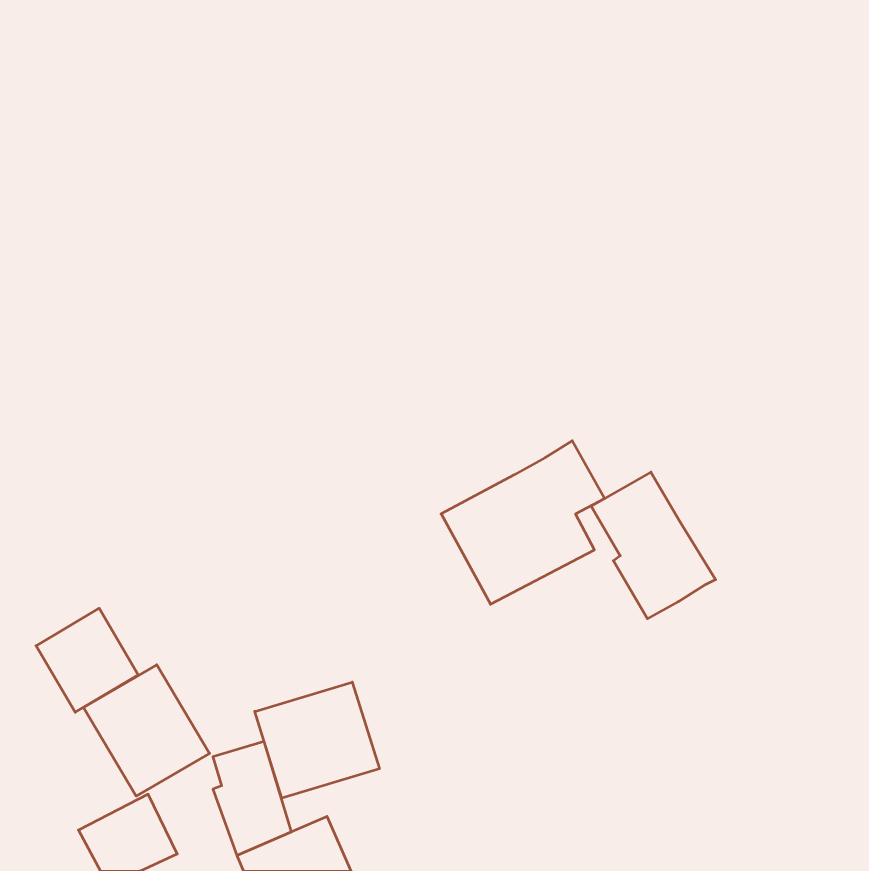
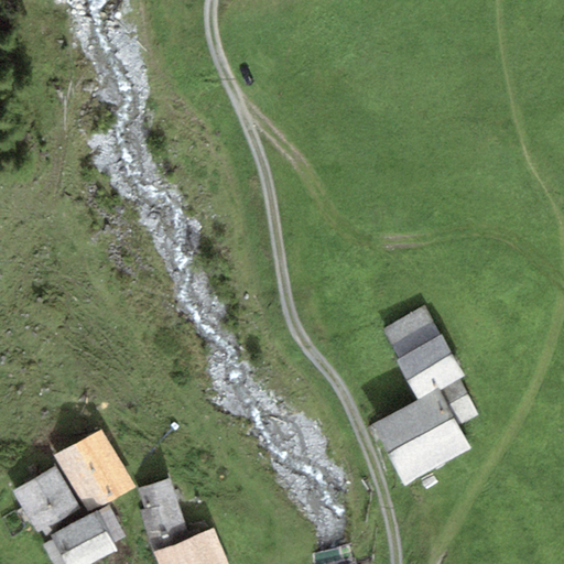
building: [441,441,605,604] -> [371,378,477,484]
building: [36,608,138,712] -> [13,467,79,534]
building: [255,682,379,798] -> none

